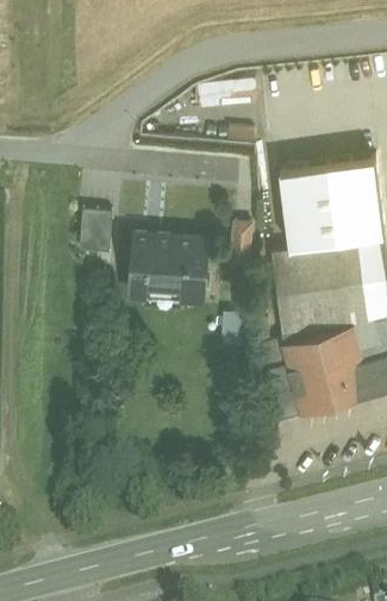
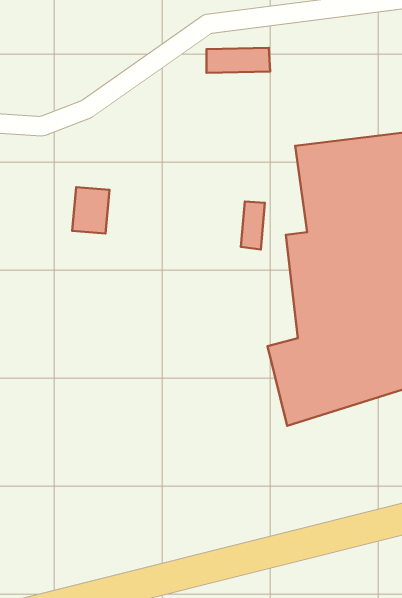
building: [130,236,208,311] -> none

